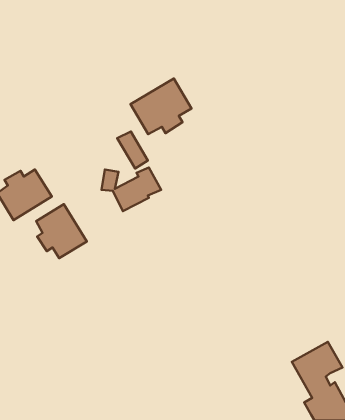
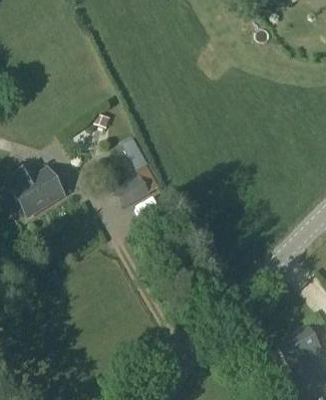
building: [131,78,191,134] -> none
building: [36,204,87,258] -> none

